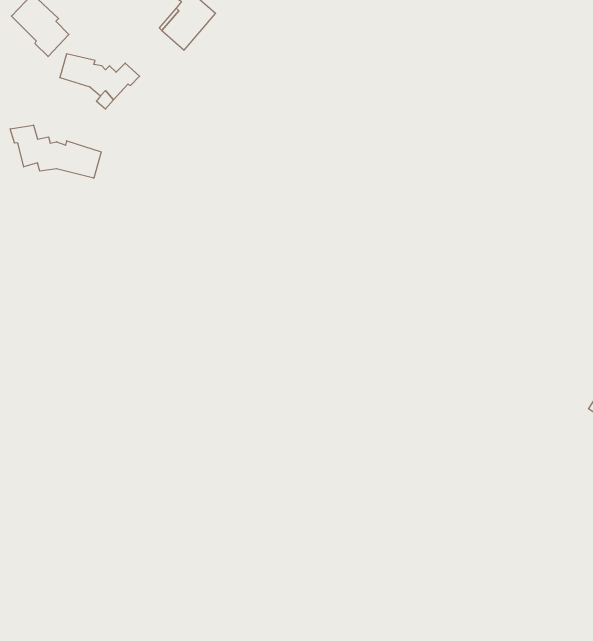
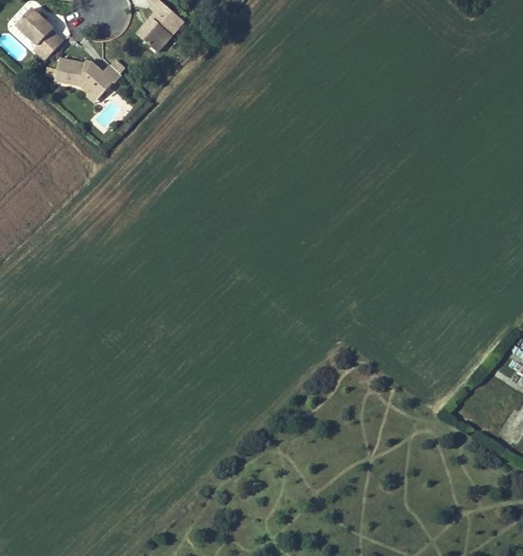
building: [10,125,101,178] -> none

